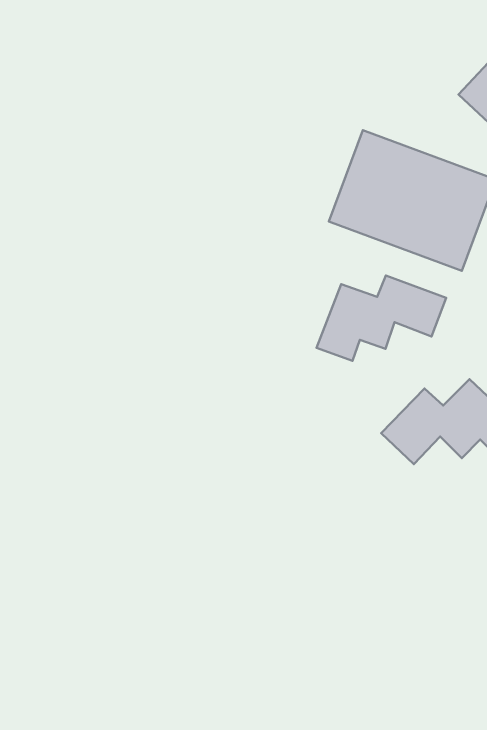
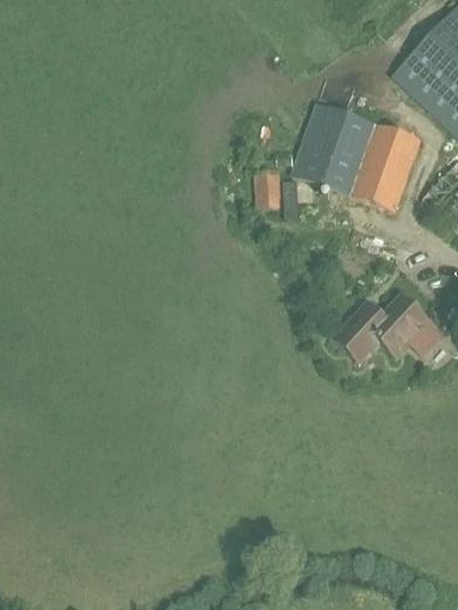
building: none -> [253,168,283,208]
building: [317,276,446,361] -> none

